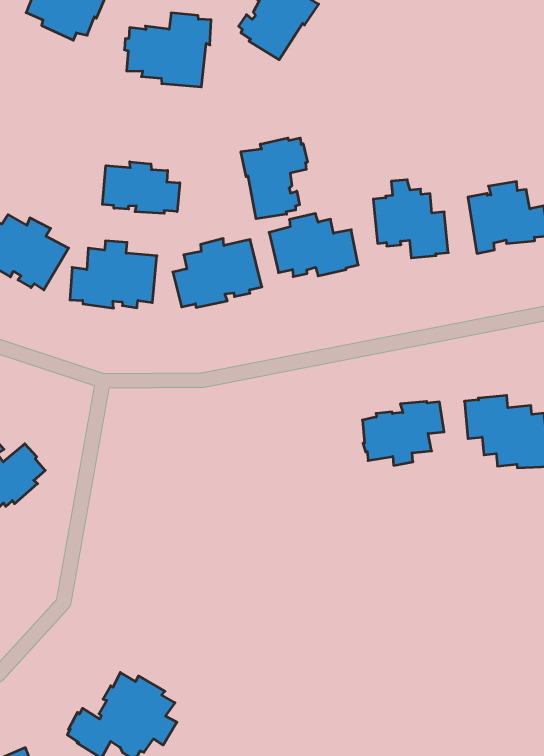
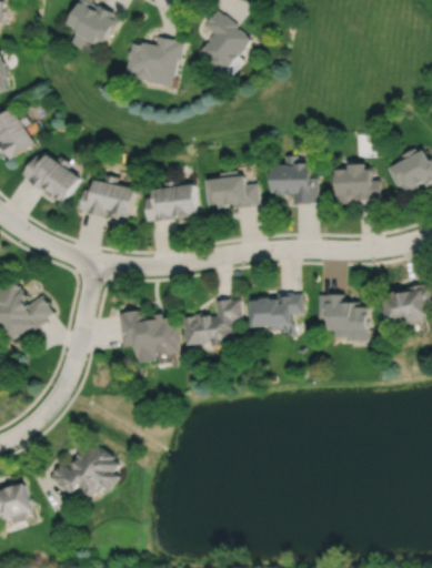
building: [241,138,307,219] -> none
building: [102,162,180,213] -> none
building: none -> [183,298,243,346]
building: none -> [119,311,181,364]

